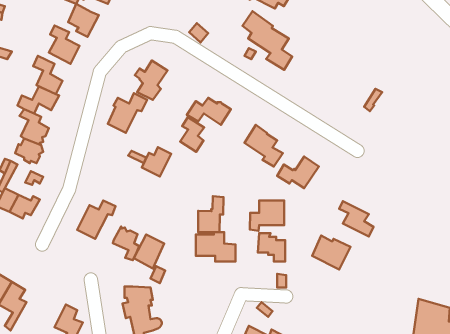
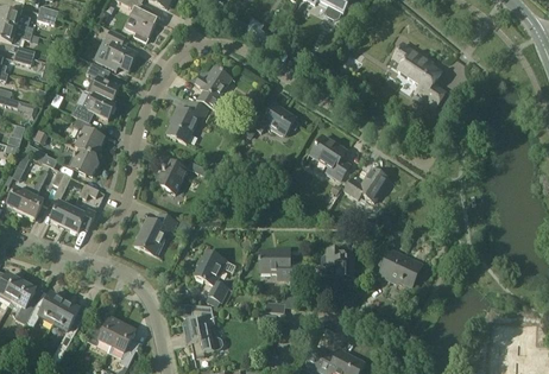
building: [242,11,292,70] -> [392,42,444,103]
building: [180,117,204,152] -> none
building: [142,147,171,177] -> [156,163,187,194]
building: [198,196,223,232] -> none
building: [250,200,284,231] -> none
building: [339,201,374,236] -> none
building: [113,226,139,260] -> none
building: none -> [88,317,122,347]

